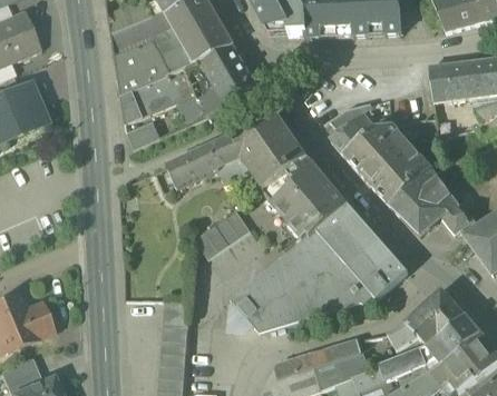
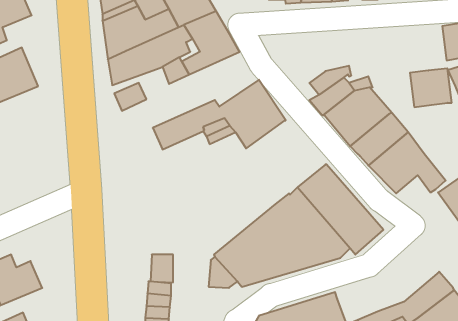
building: [429,61,472,101] -> [410,68,452,107]
building: [262,159,347,238] -> none
building: [194,209,251,257] -> none
building: [388,290,465,357] -> none

